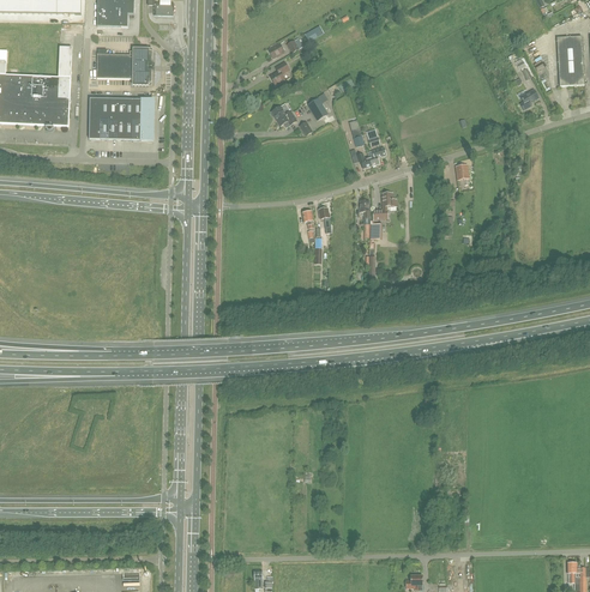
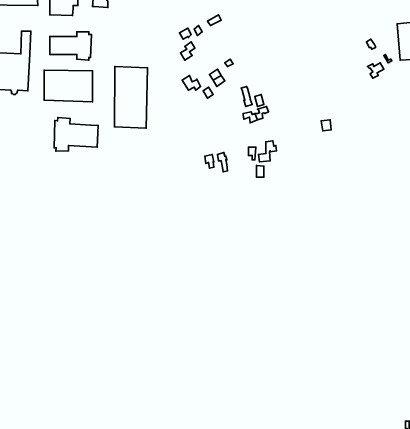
building: none -> [114,66,147,128]
building: none -> [54,118,98,151]

